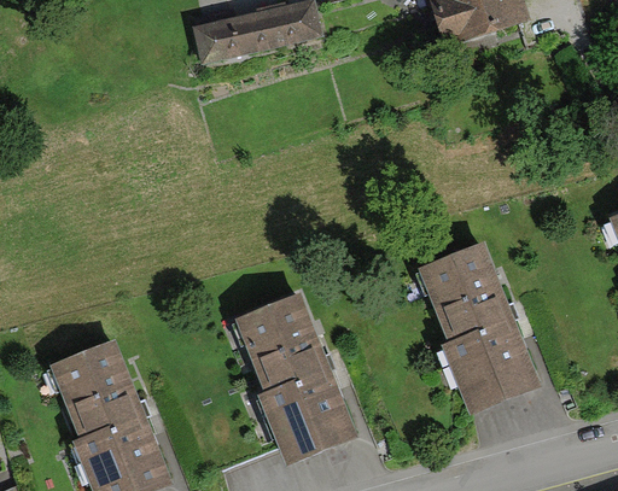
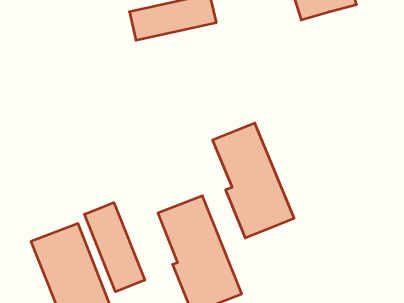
building: [421,241,542,411] -> [213,123,294,238]
building: none -> [85,203,145,292]

